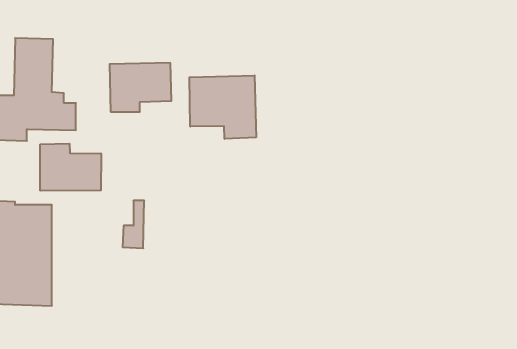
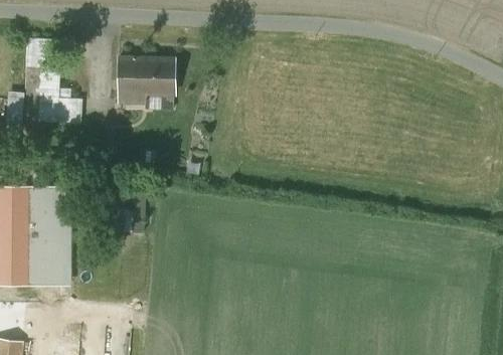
building: [189,75,256,139] -> none
building: [40,144,101,191] -> none

